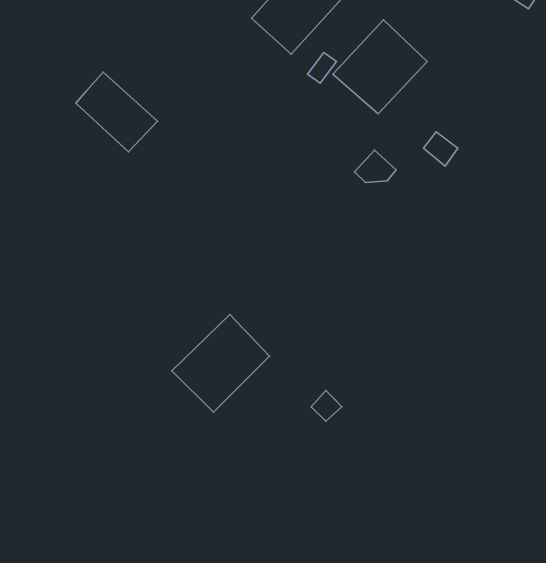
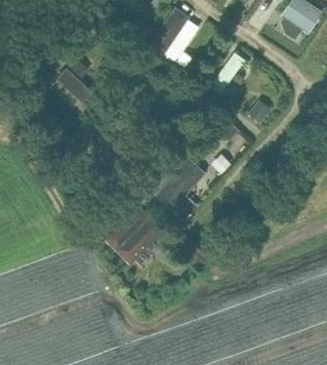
building: none -> [156,158,203,218]

